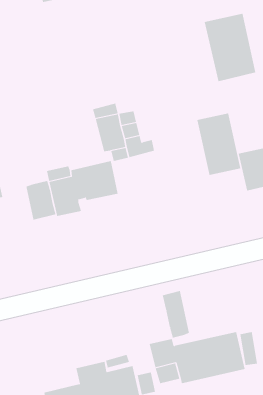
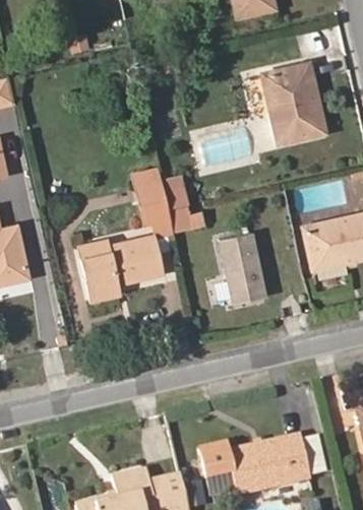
building: [197,113,241,176] -> [217,232,268,305]
building: [26,180,56,221] -> none
building: [162,290,189,339] -> none

